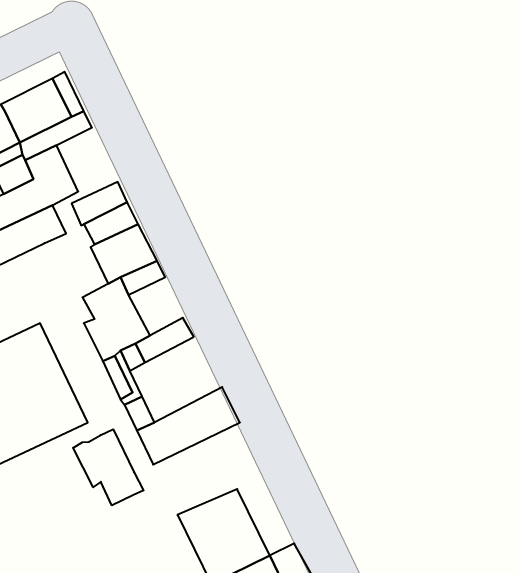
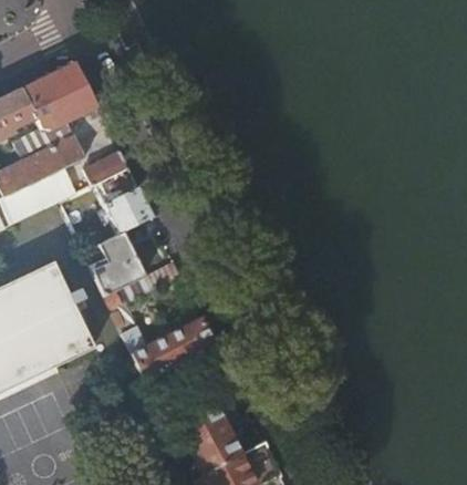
building: [73,429,144,505] -> none

